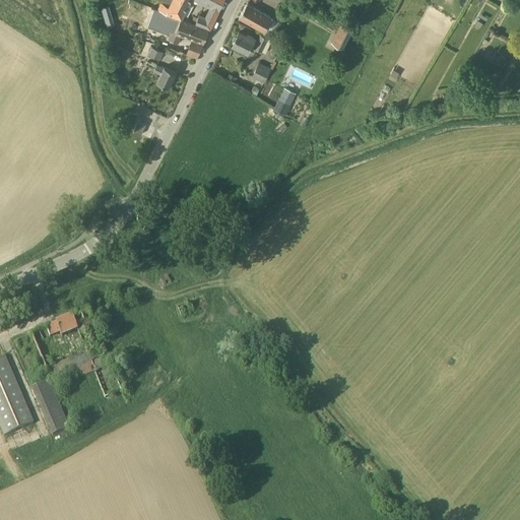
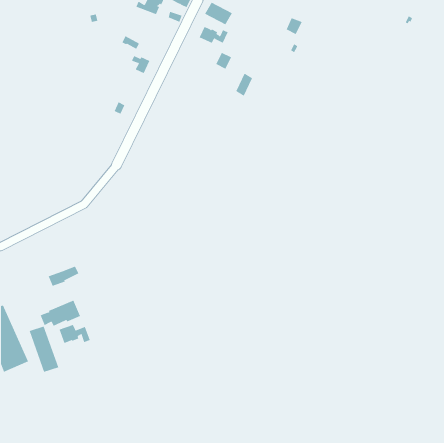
building: [160,12,208,57] -> none
building: none -> [59,324,90,344]

